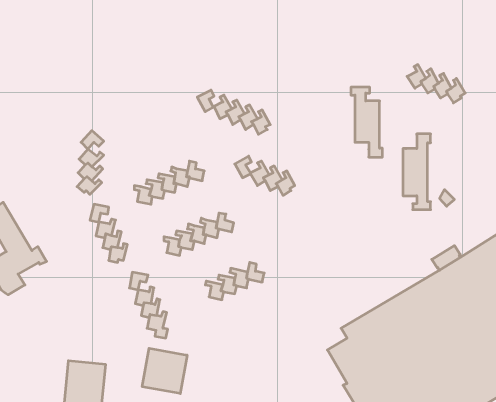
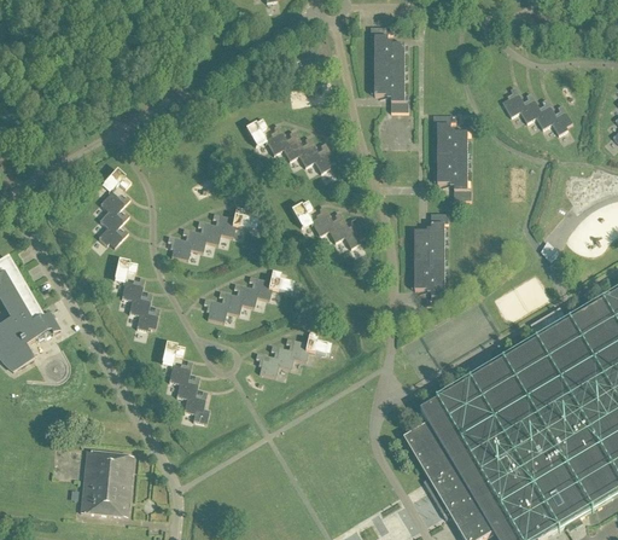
building: none -> [374,36,404,101]
building: [403,134,431,210] -> [414,213,448,306]
building: [142,348,187,394] -> none

